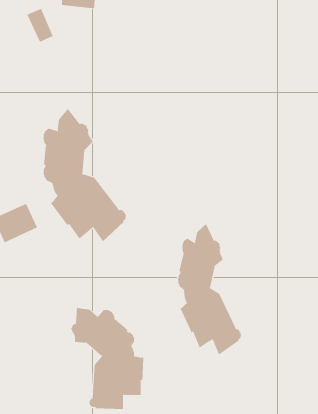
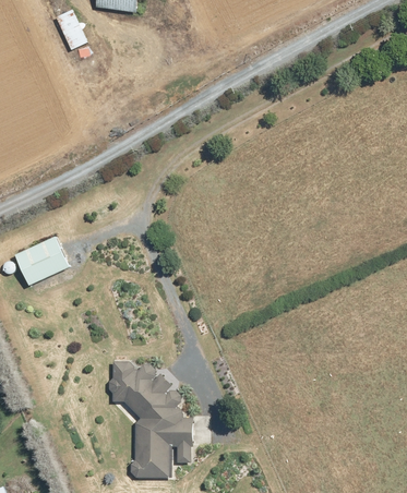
building: [43,108,127,242] -> none
building: [177,223,242,355] -> none

